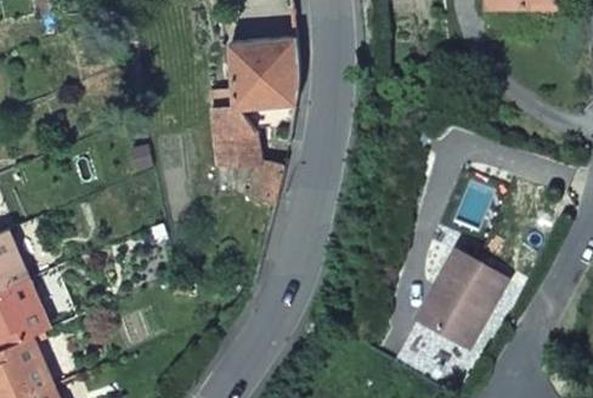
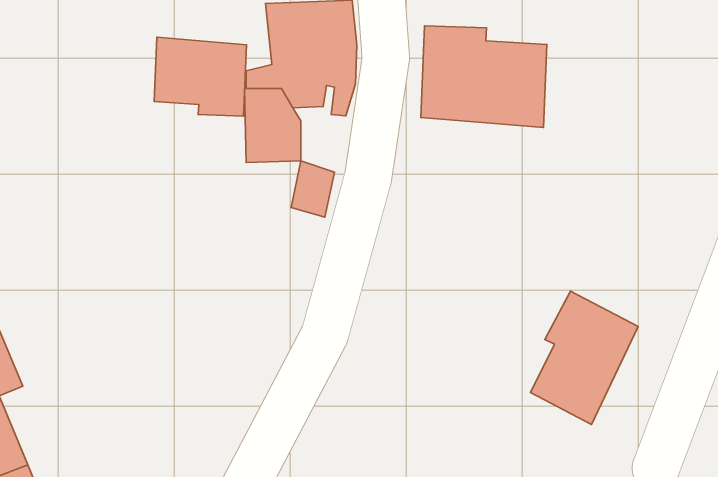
building: none -> [421,26,547,128]
building: none -> [154,37,246,116]

